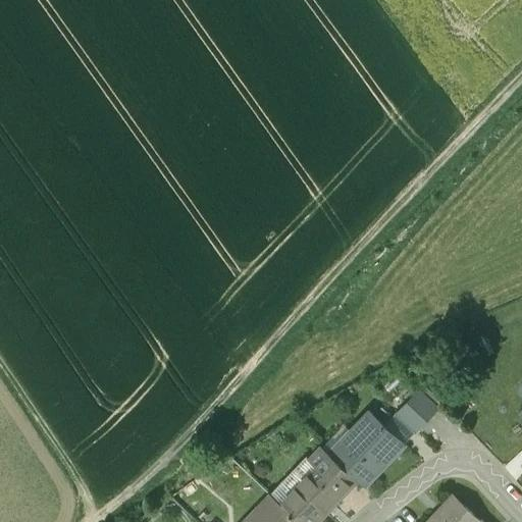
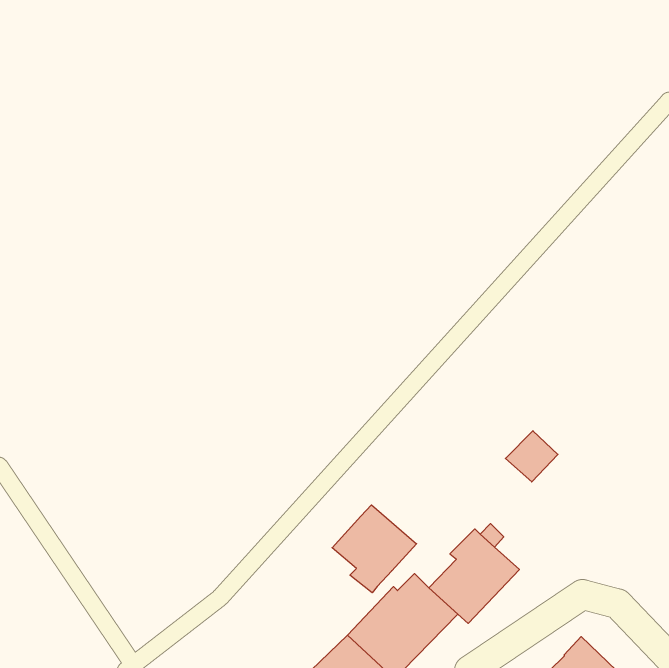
building: [396,393,436,432] -> [505,431,558,482]
building: none -> [332,505,417,593]

